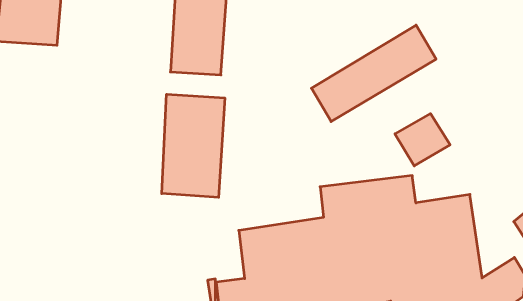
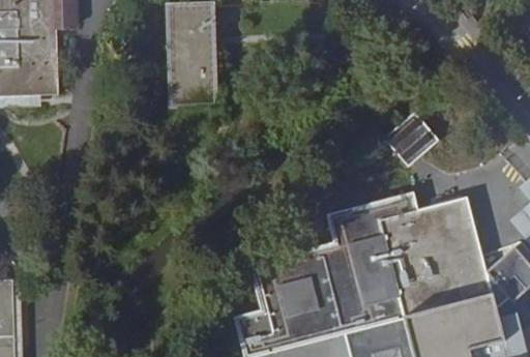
building: [311,25,436,122] -> none
building: [162,94,225,197] -> none

